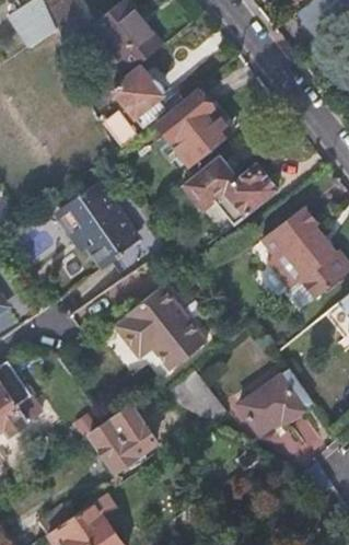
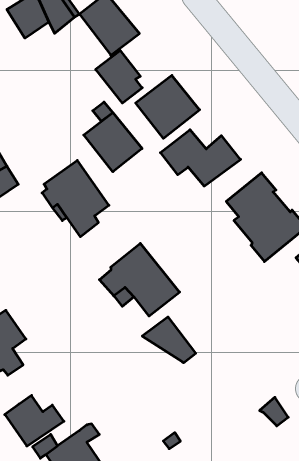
building: none -> [84,113,142,172]
building: [236,369,312,432] -> none
building: [89,415,156,473] -> [5,395,64,446]

